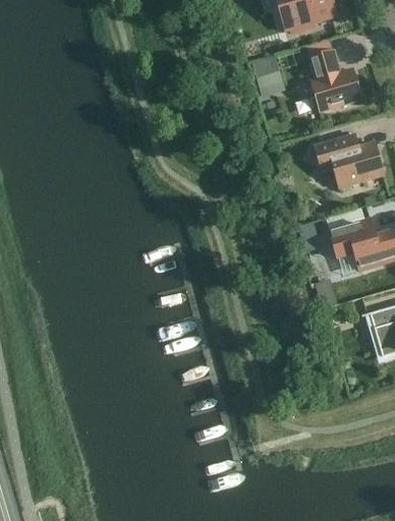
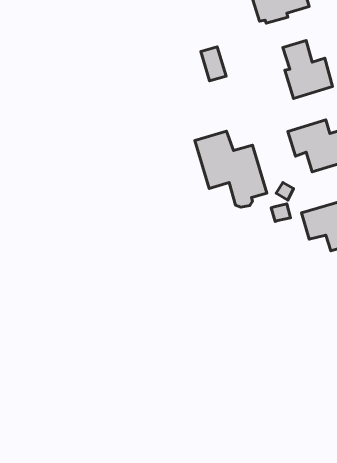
building: [255,57,281,93] -> [201,47,226,81]
building: none -> [195,131,267,207]

